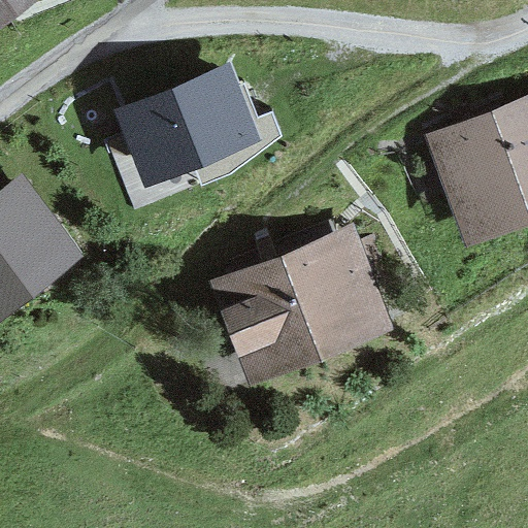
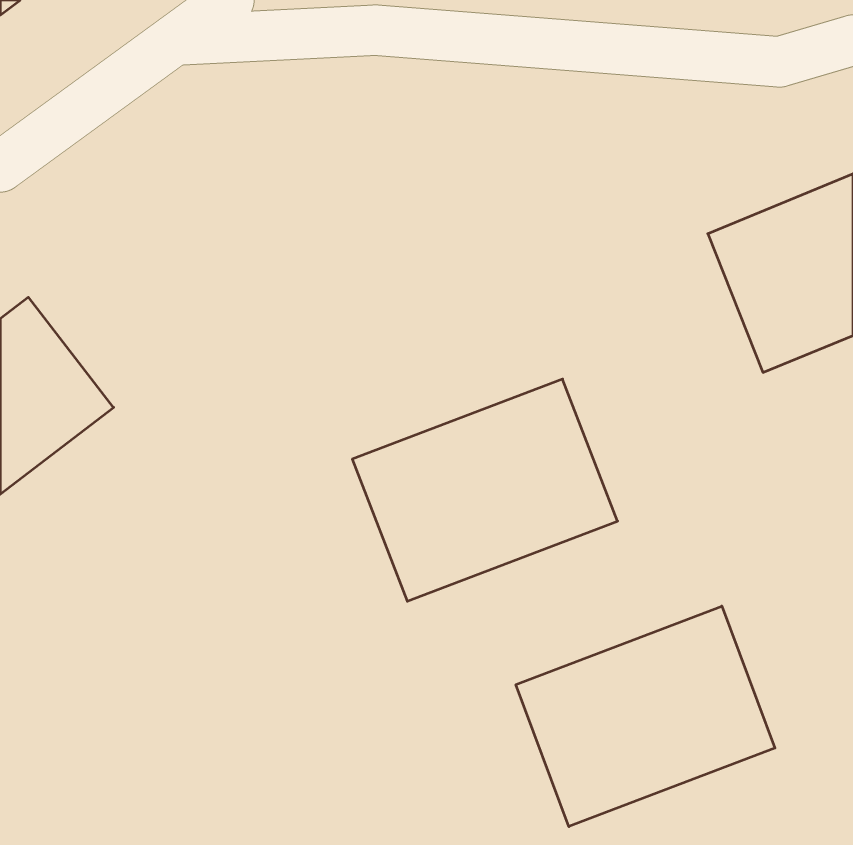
building: [126,69,250,168] -> none
building: none -> [516,606,775,827]

